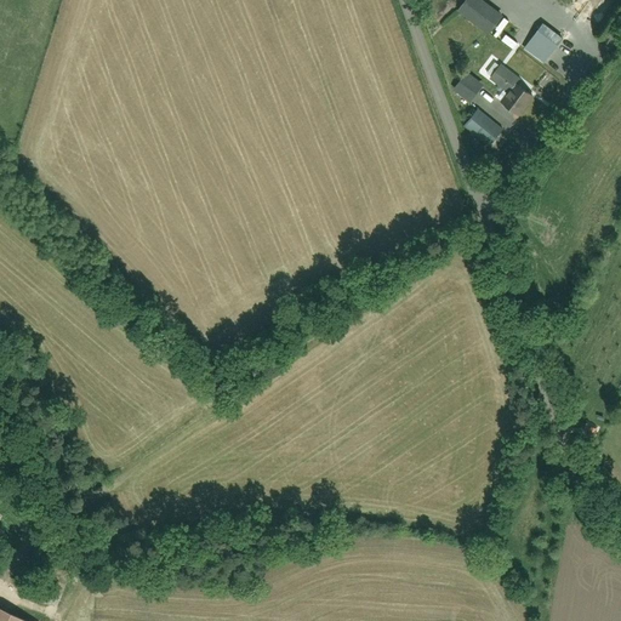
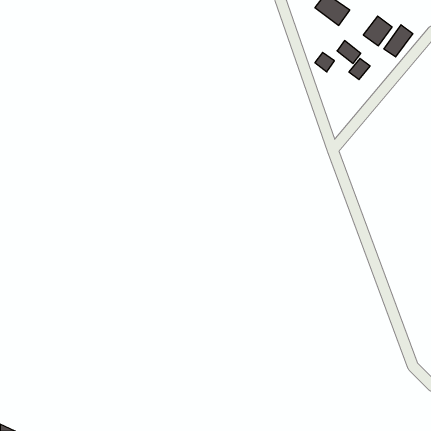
building: none -> [384,25,413,57]
building: [466,108,502,144] -> none

